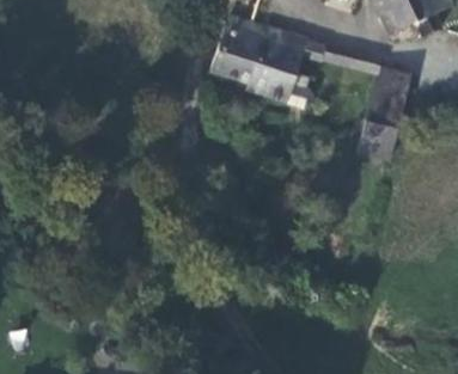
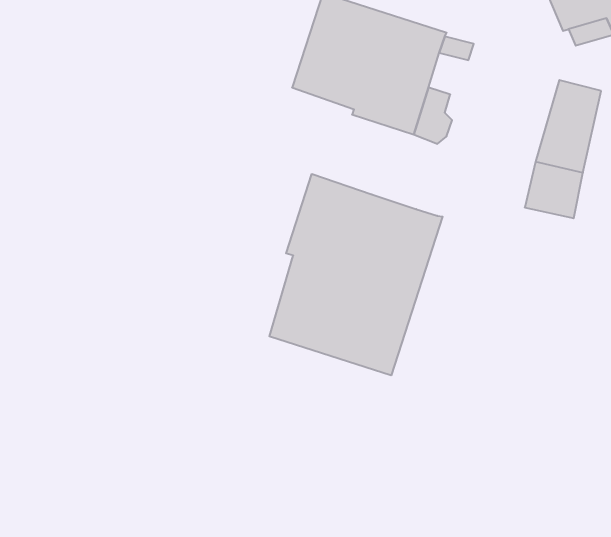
building: none -> [269,174,443,375]

